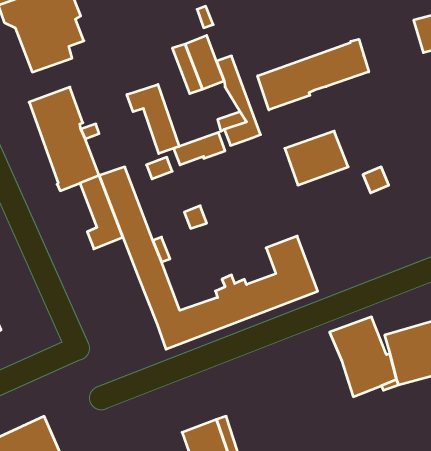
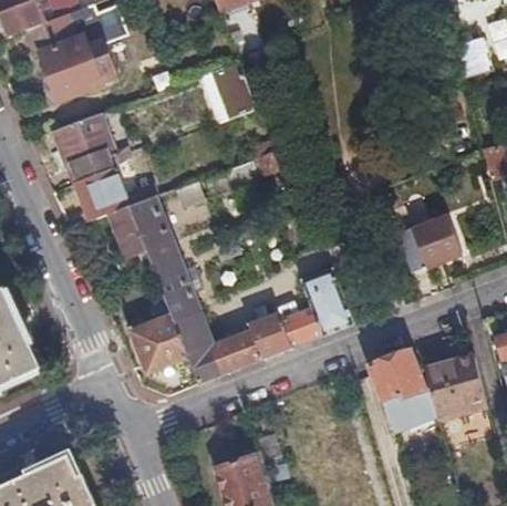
building: [258,39,369,110] -> none
building: [127,84,179,154] -> none
building: [285,131,348,185] -> [397,215,463,270]
building: none -> [128,307,188,373]

